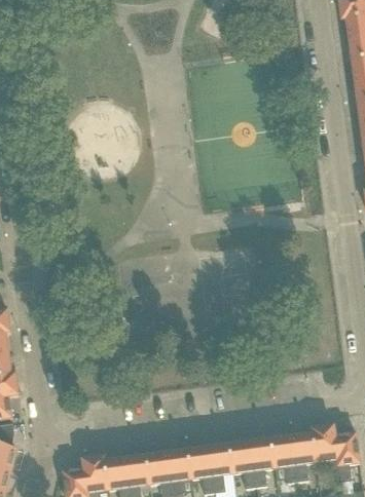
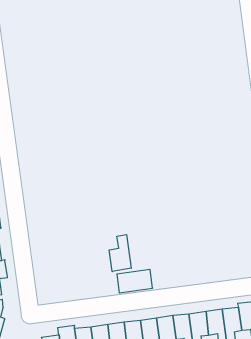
building: none -> [109,235,131,272]

